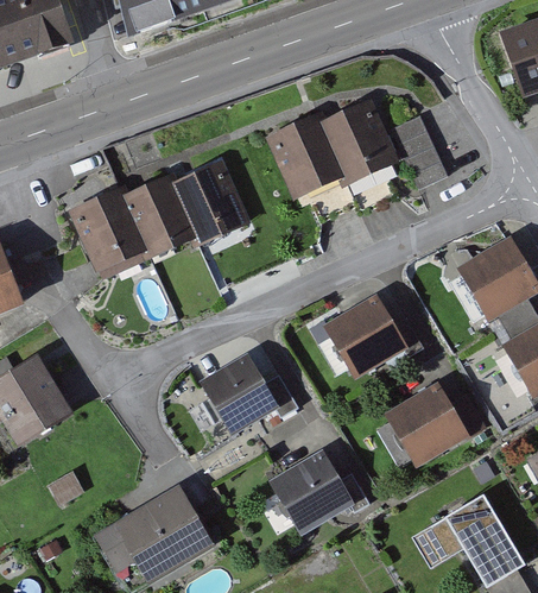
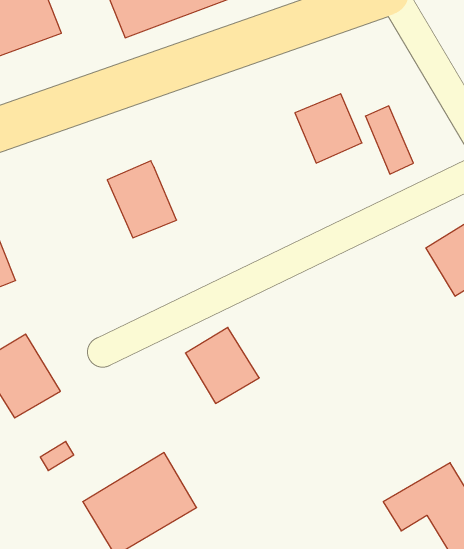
building: [272,115,342,195] -> none
building: [170,159,246,238] -> none
building: [71,189,147,277] -> none
building: [325,294,406,374] -> none
building: [388,384,470,463] -> none
building: [272,449,355,534] -> none

